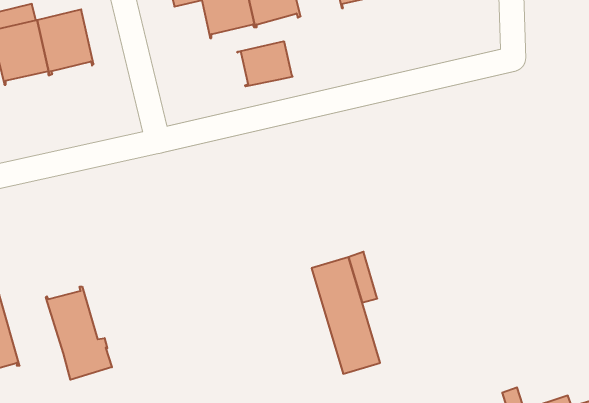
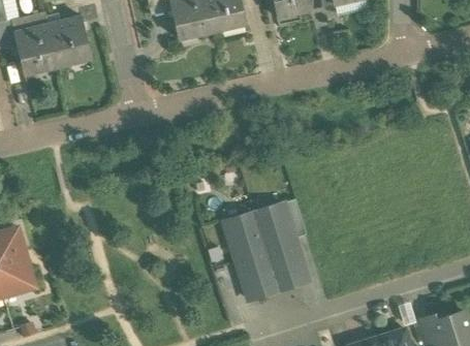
building: [237,41,293,86] -> none
building: none -> [223,213,279,302]
building: [46,287,112,380] -> none

